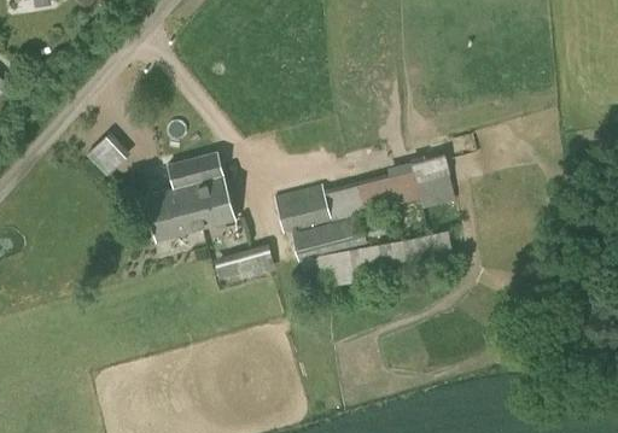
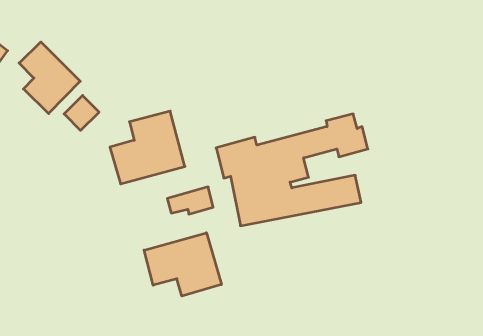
building: none -> [19,42,80,114]
building: none -> [144,233,221,296]

